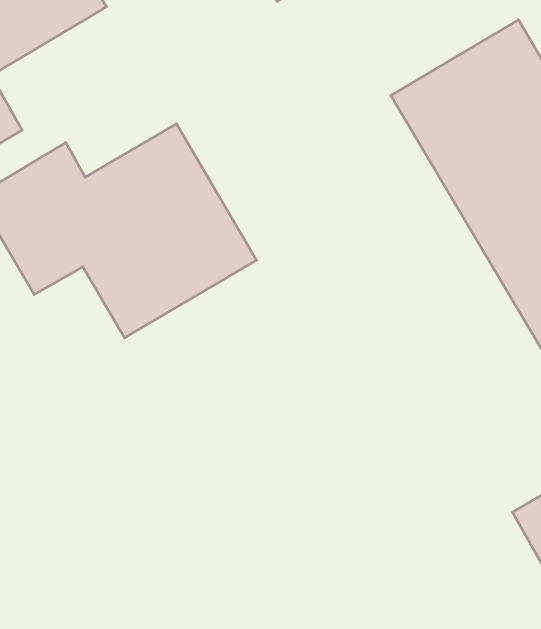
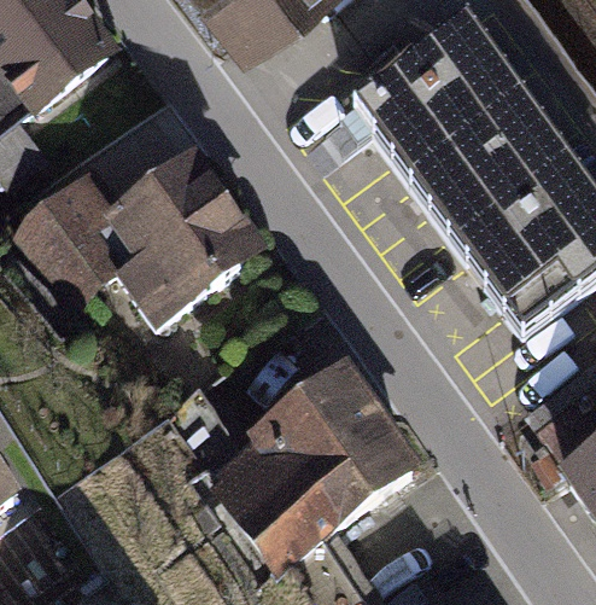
building: none -> [179,382,410,557]

